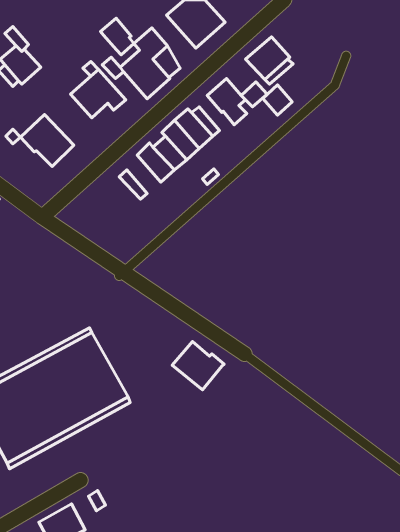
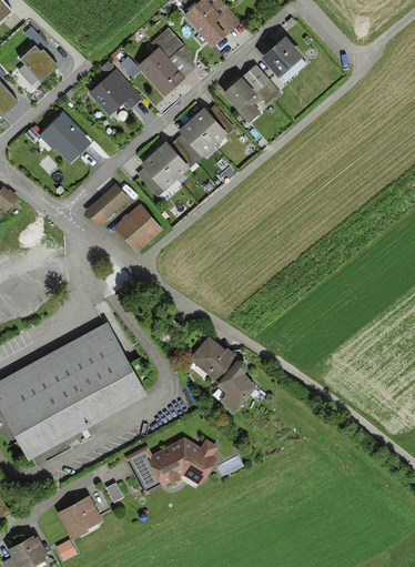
building: [101,18,134,55] -> none
building: [263,85,292,115] -> [241,64,270,94]
building: none -> [140,153,176,191]
building: none -> [84,183,130,226]
building: none -> [113,204,162,253]
building: none -> [217,361,255,415]
building: none -> [124,437,217,496]

